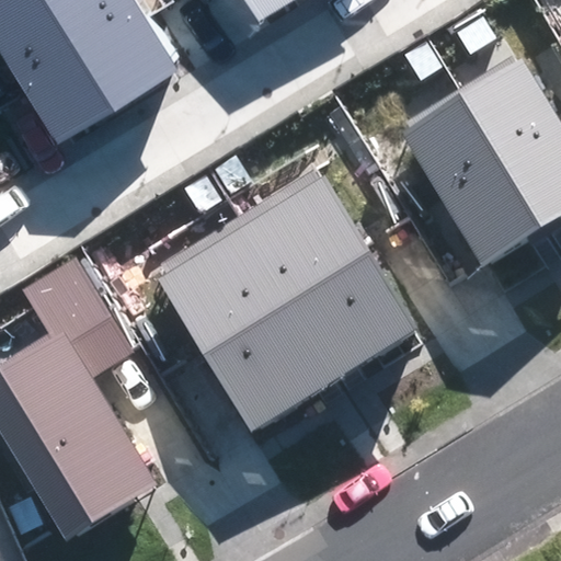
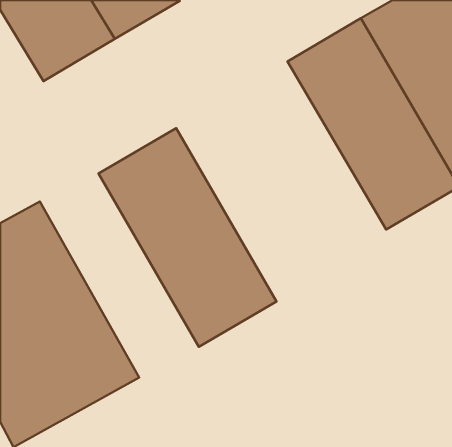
building: [226,130,427,383] -> none

